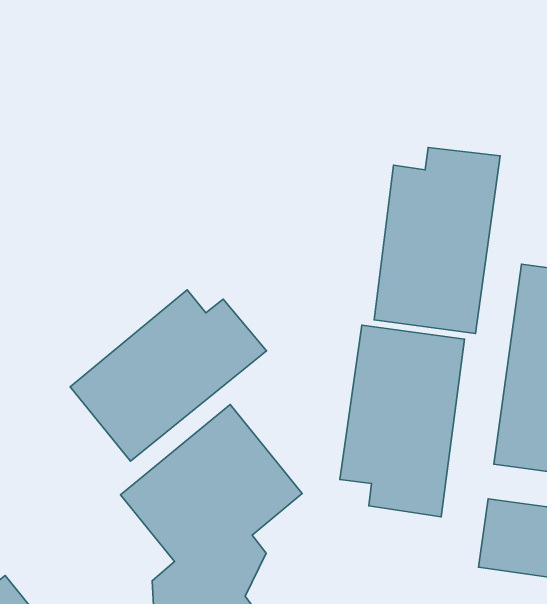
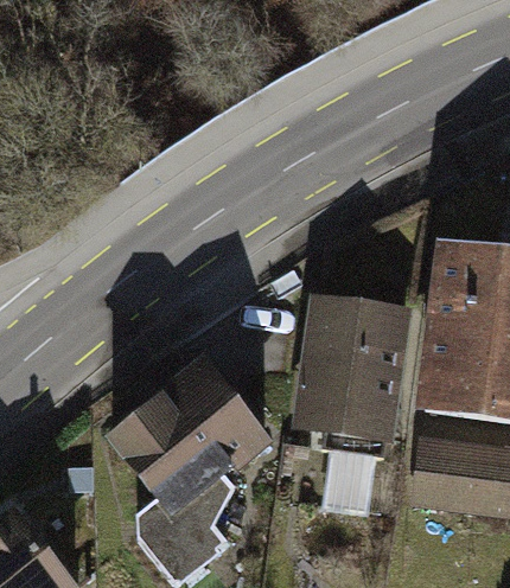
building: [374,148,500,334] -> none
building: [70,290,267,461] -> none

